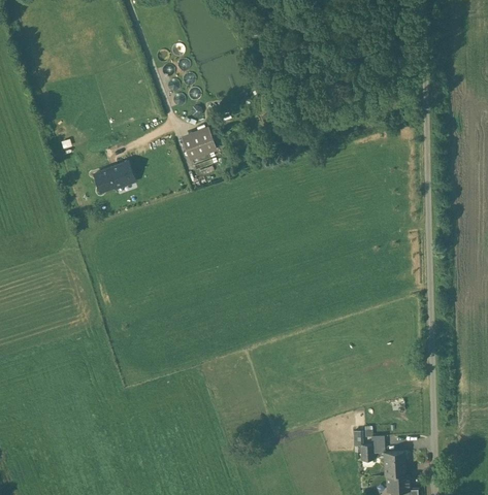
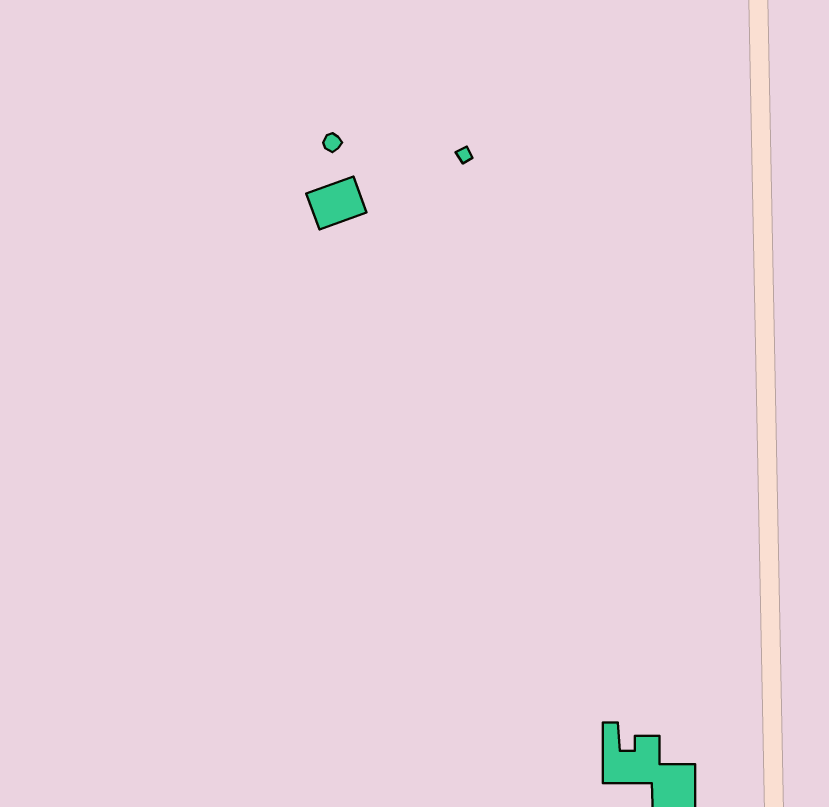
building: [101,159,143,191] -> none

